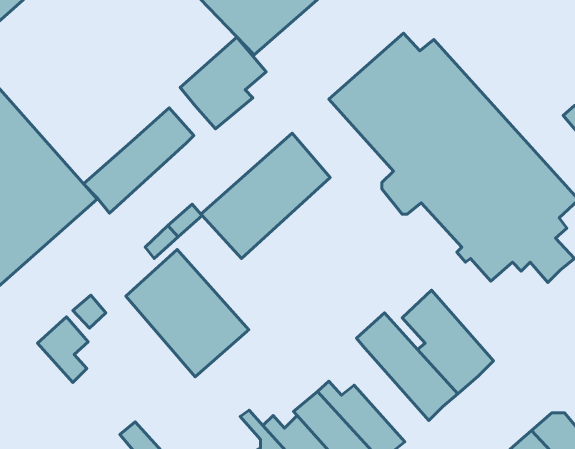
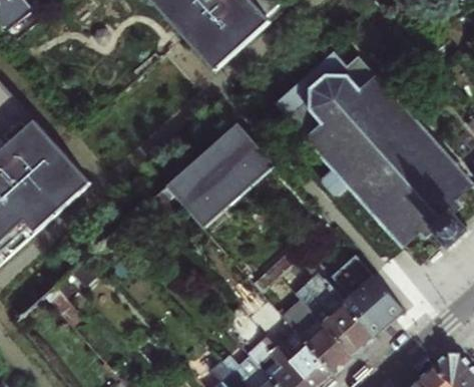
building: [180,37,266,129] -> none
building: [84,108,194,213] -> none
building: [126,249,249,377] -> none
building: none -> [275,298,352,374]

